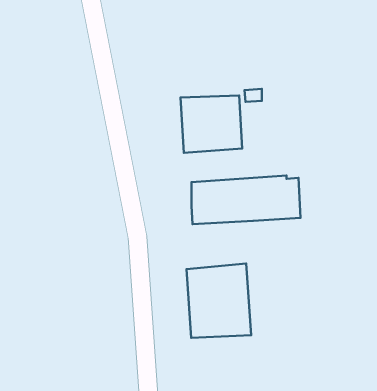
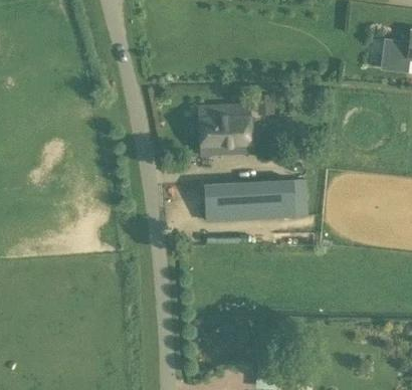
building: [187,264,251,338] -> none

